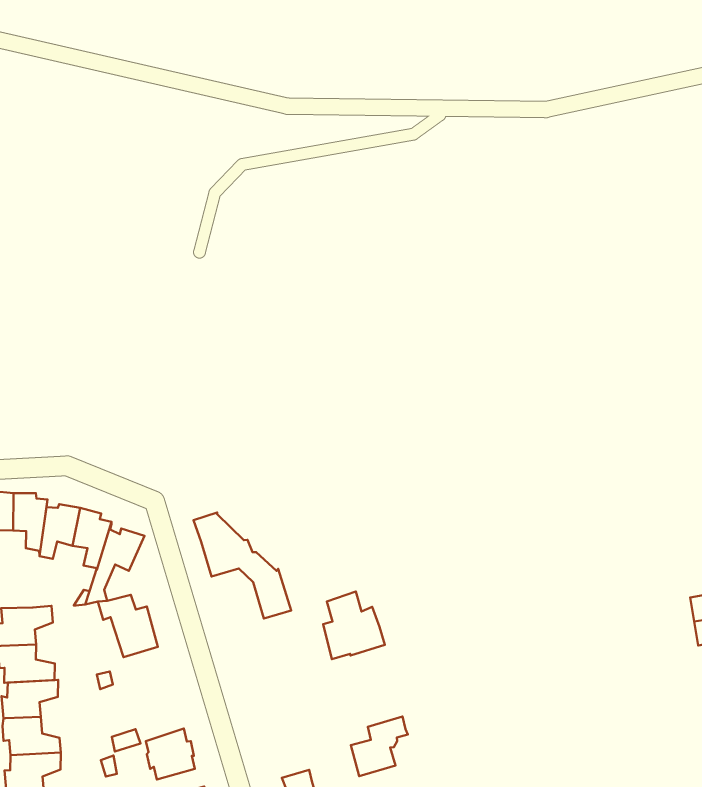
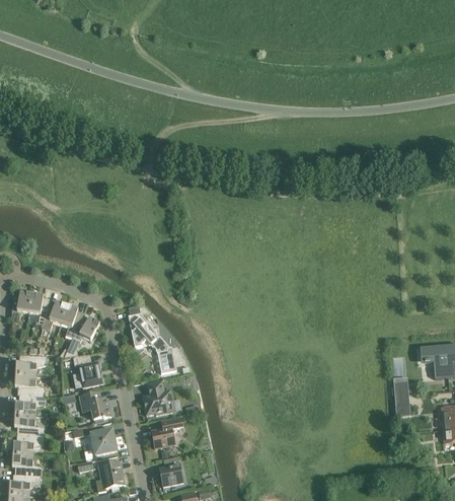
building: [323,591,385,659] -> [142,380,174,416]
building: none -> [79,391,110,420]
building: [351,716,408,776] -> [151,418,182,448]

